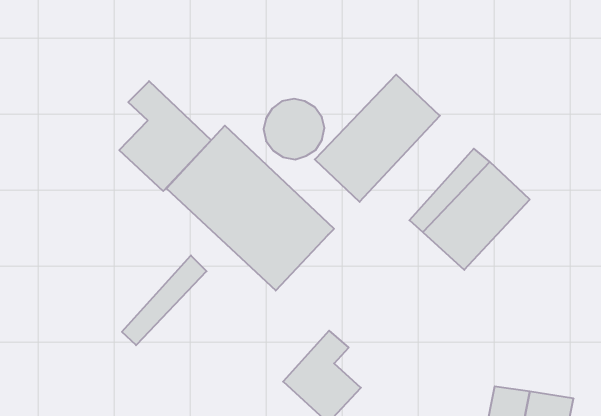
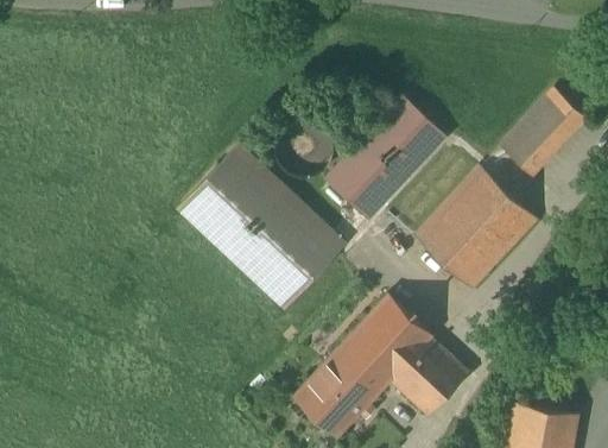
building: none -> [501,87,585,173]
building: [119,81,211,191] -> none
building: [122,255,207,345] -> none
building: none -> [340,292,469,414]

